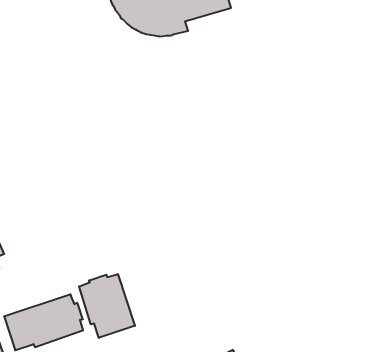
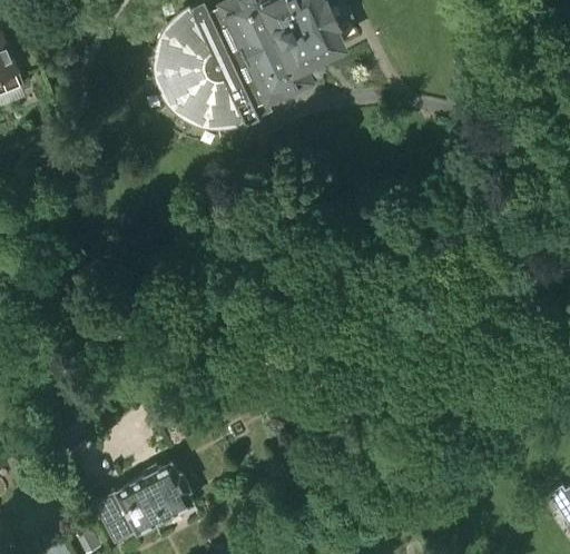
building: [79,274,135,338] -> none

